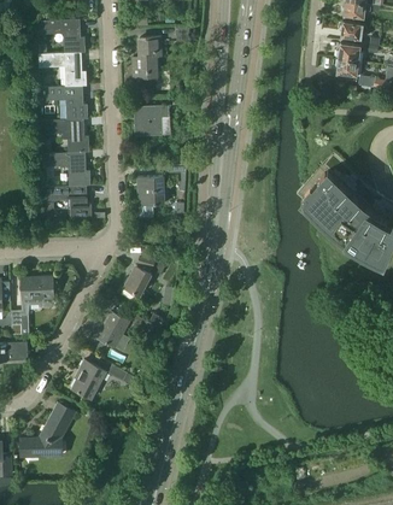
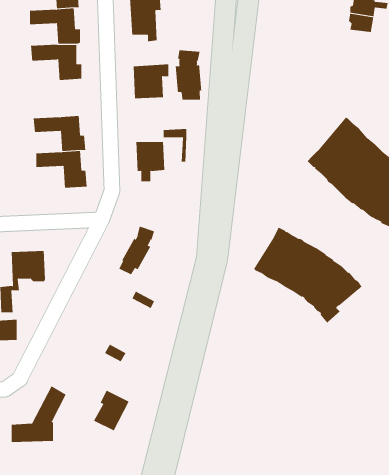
building: none -> [175,49,202,101]
building: [41,119,90,154] -> none
building: none -> [253,227,362,324]
building: [98,311,130,347] -> none
building: [74,360,107,399] -> [93,390,130,431]

